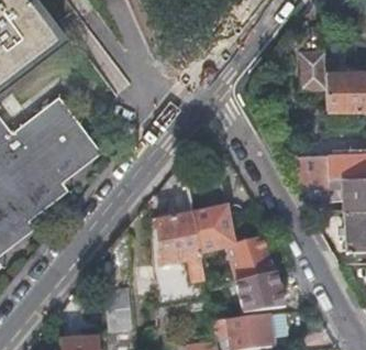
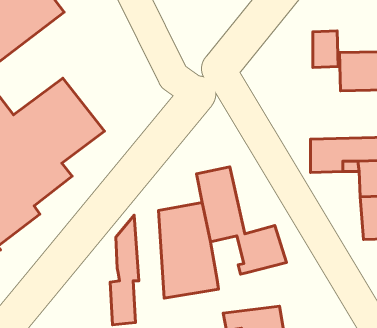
building: [236,272,285,311] -> none

